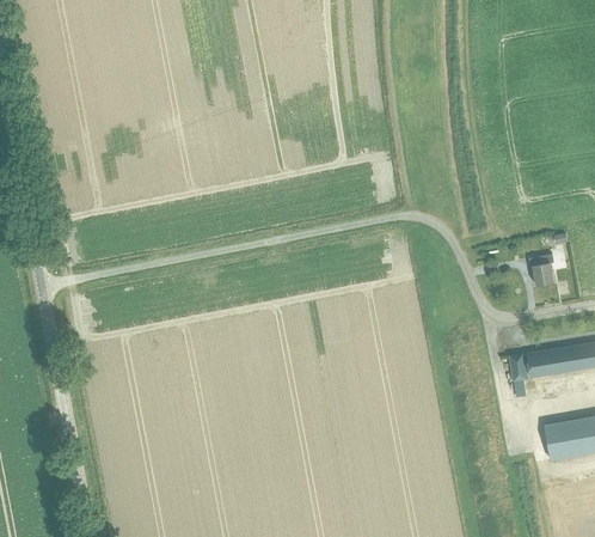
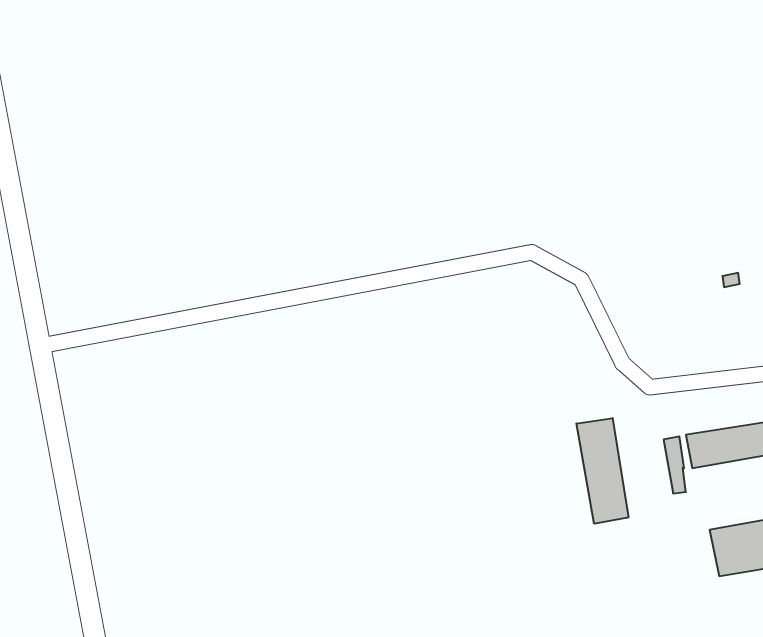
building: [527,255,552,286] -> none
building: none -> [576,418,628,524]

